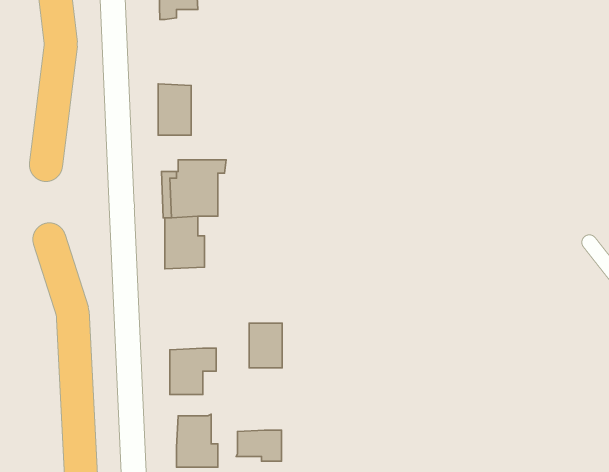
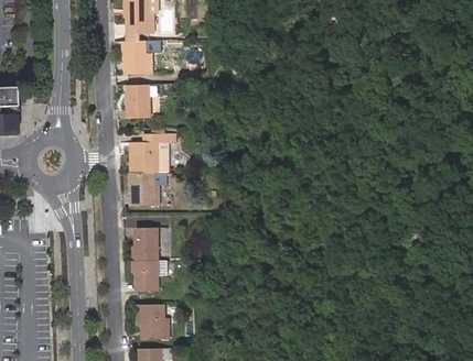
building: none -> [125,40,152,75]
building: [249,323,282,368] -> [135,228,157,258]
building: [236,430,281,461] -> none

